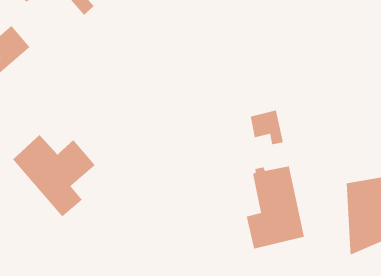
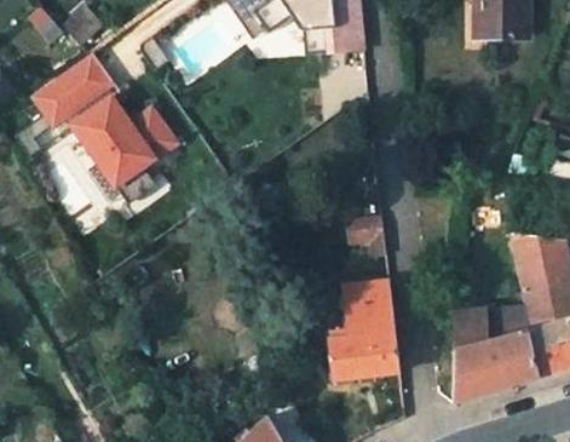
building: none -> [64,50,114,101]
building: [12,134,96,218] -> [73,96,175,202]

